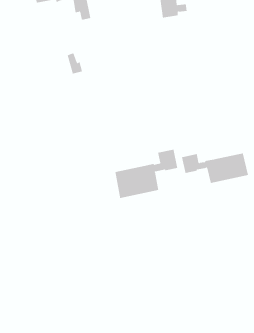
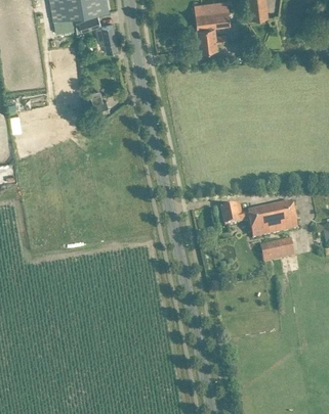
building: [115,149,178,199] -> none
building: none -> [260,238,293,263]

